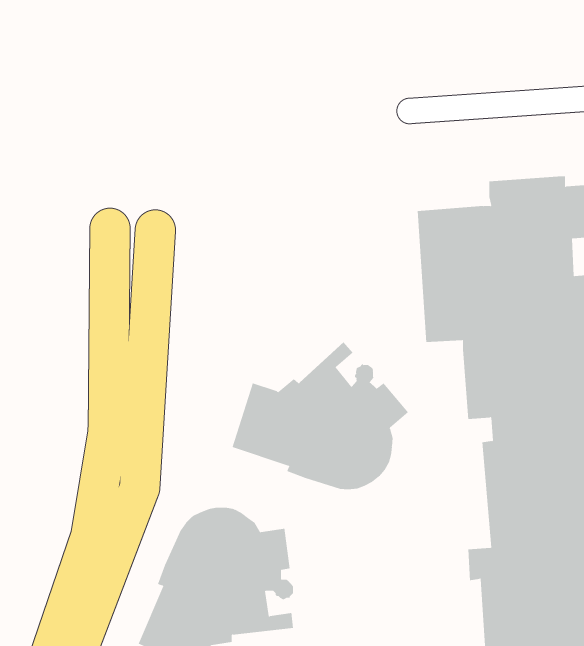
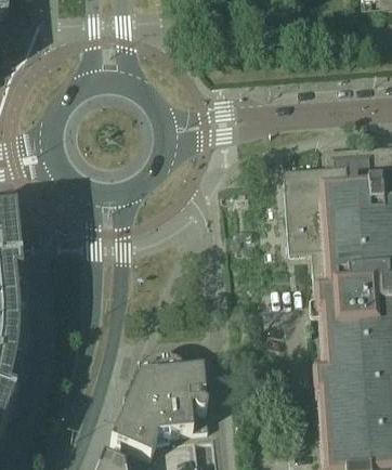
building: [232,341,409,490] -> none

